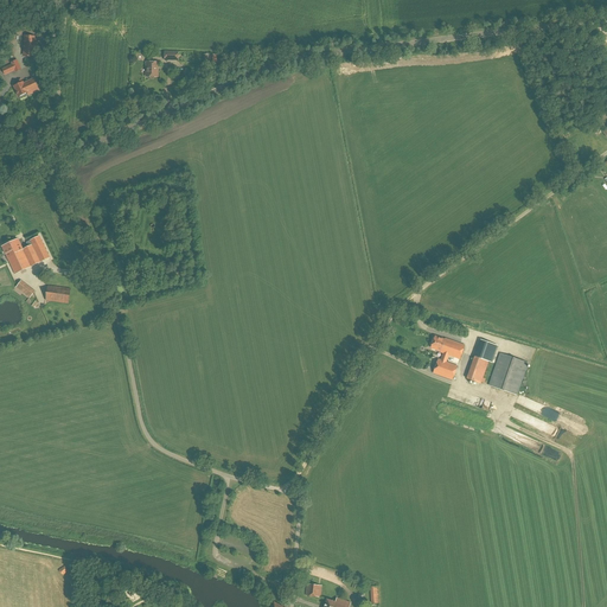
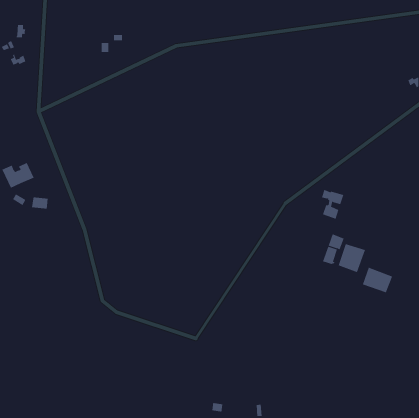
building: [432,336,465,379] -> [321,189,344,220]
building: none -> [362,267,393,293]

